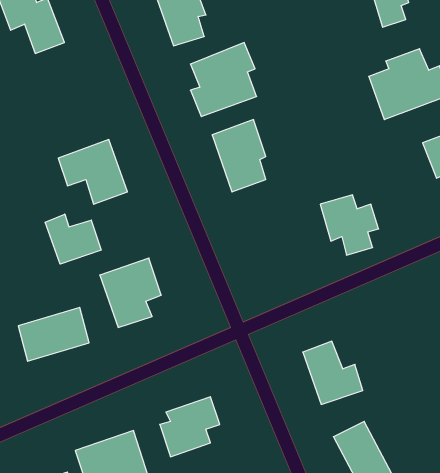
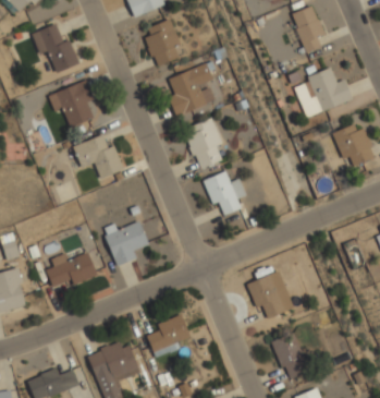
building: none -> [49,81,99,126]
building: [320,195,379,255] -> [205,173,246,216]
building: [45,214,101,264] -> none

